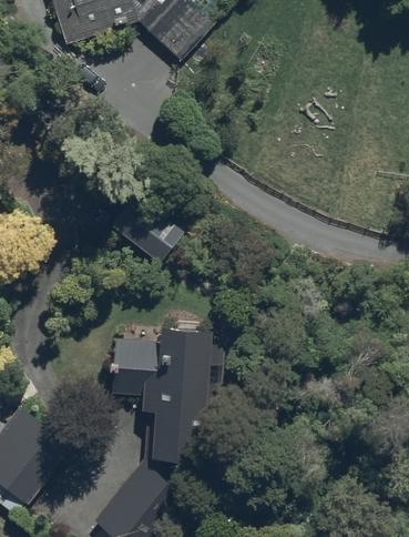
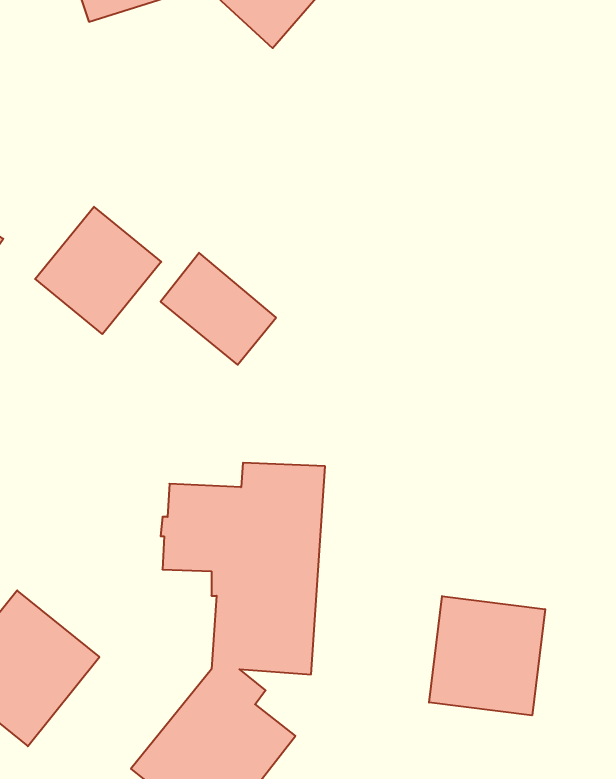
building: none -> [35,207,161,334]
building: none -> [429,596,545,715]

